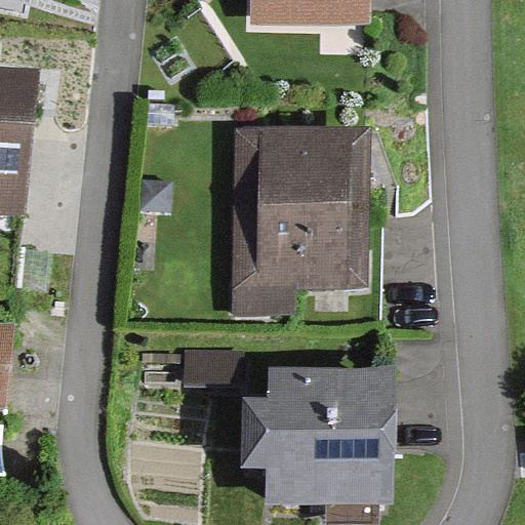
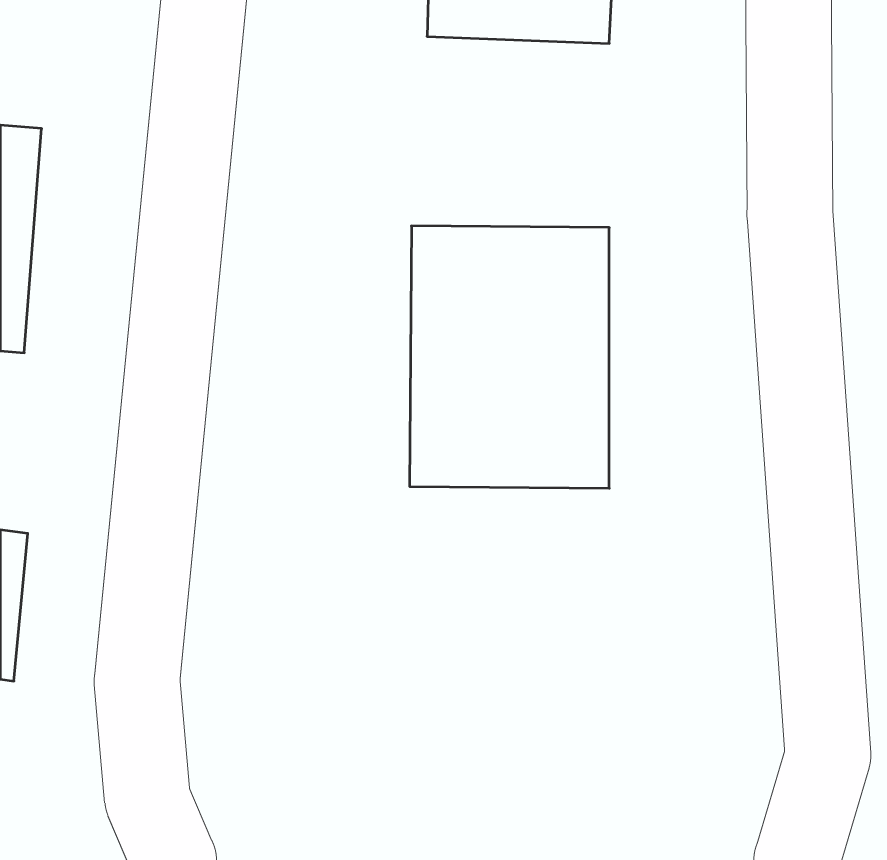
building: [261,370,372,503] -> none

